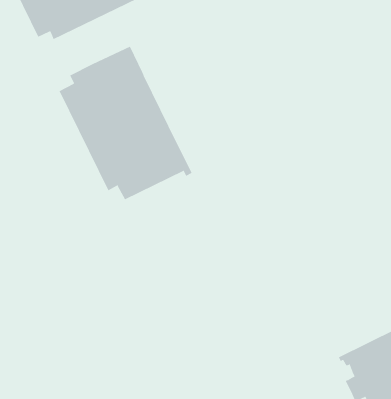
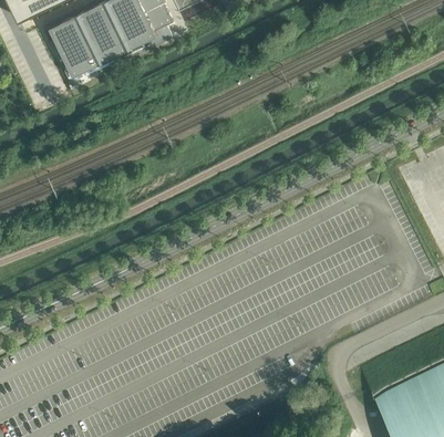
building: [59,46,192,200] -> none

